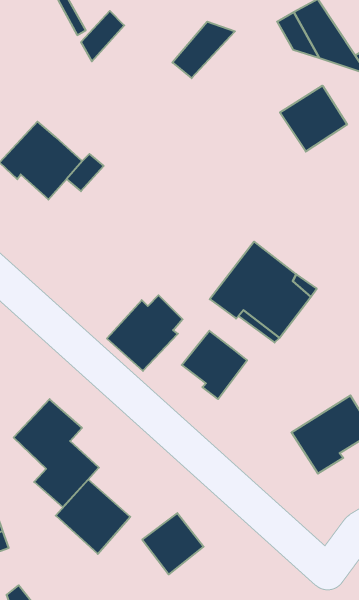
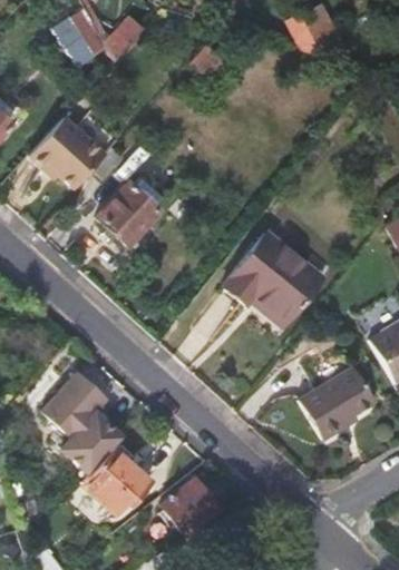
building: none -> [51,11,104,68]
building: [280,86,347,152] -> none
building: [107,295,183,371] -> [96,176,166,246]
building: [182,331,247,399] -> none

